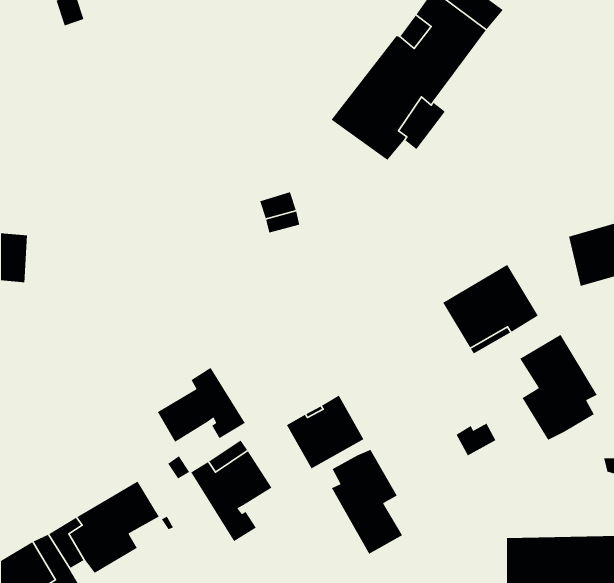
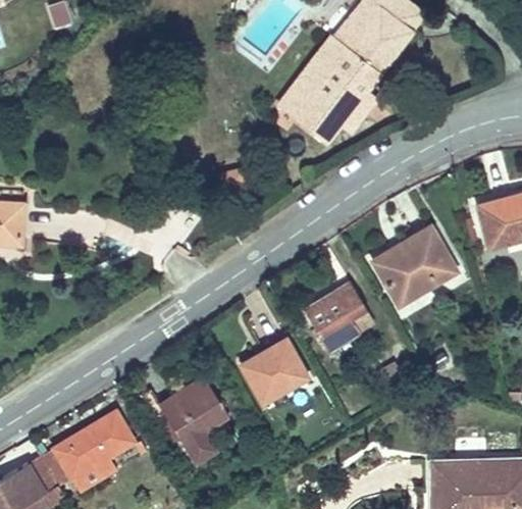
building: none -> [304,281,373,351]
building: [519,334,598,441] -> none
building: [157,367,246,443] -> none
building: [331,449,403,555] -> none

